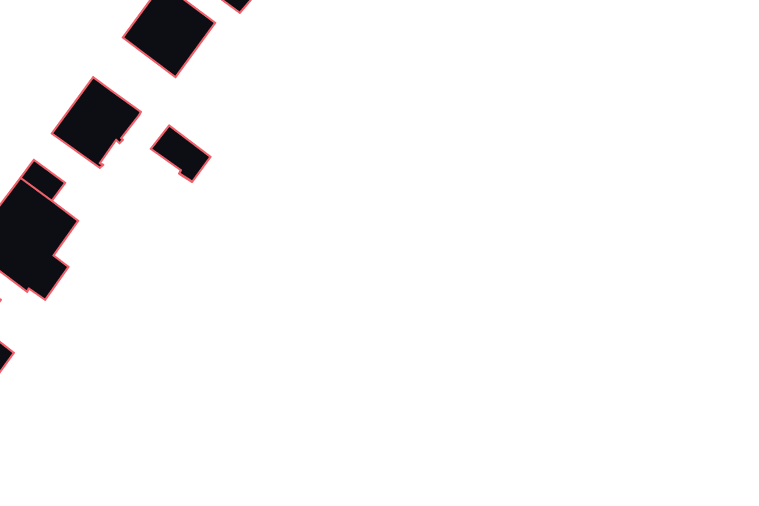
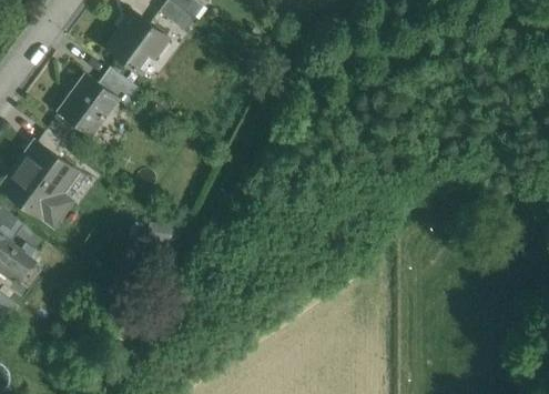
building: [151,126,210,182] -> [98,68,138,105]

